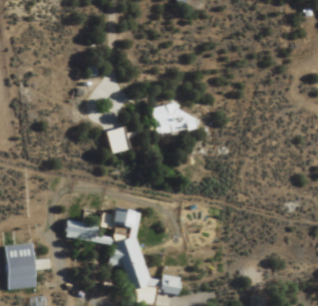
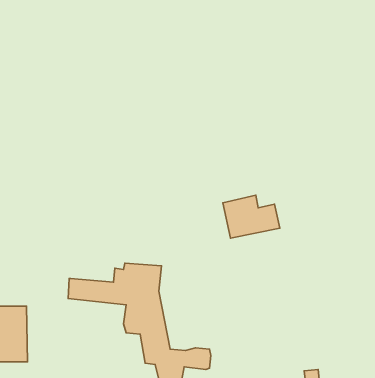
building: [151,103,197,137] -> [223,195,280,238]
building: [109,127,130,154] -> none

